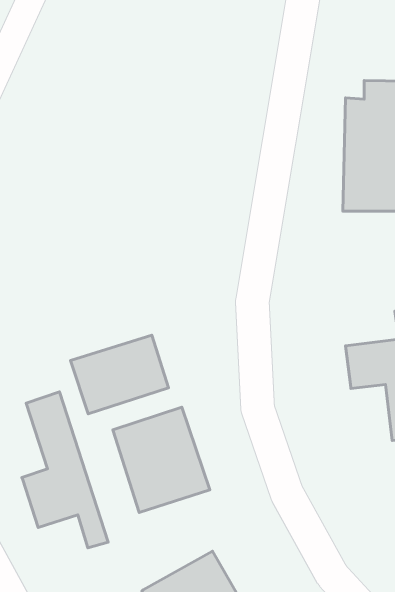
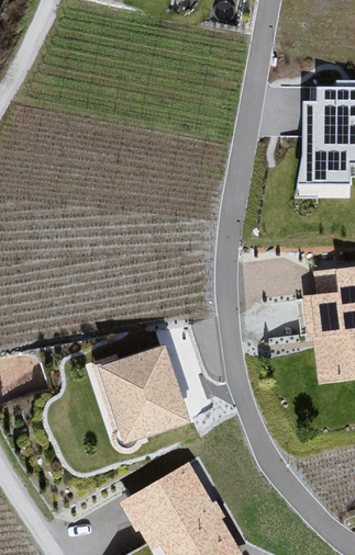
building: [71,335,168,414] -> none
building: [22,392,108,548] -> none

